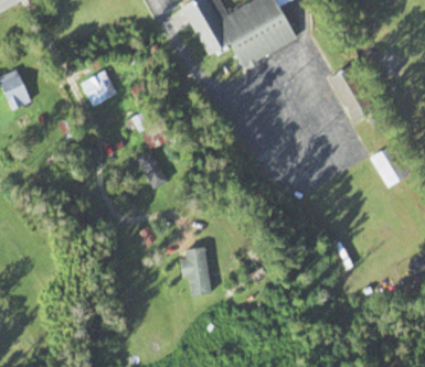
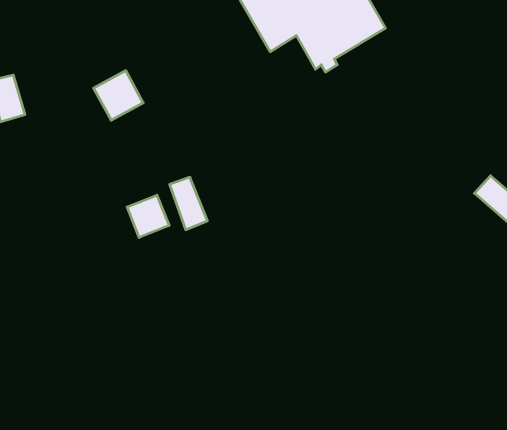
building: none -> [127,195,169,238]
building: [179,247,211,295] -> none

